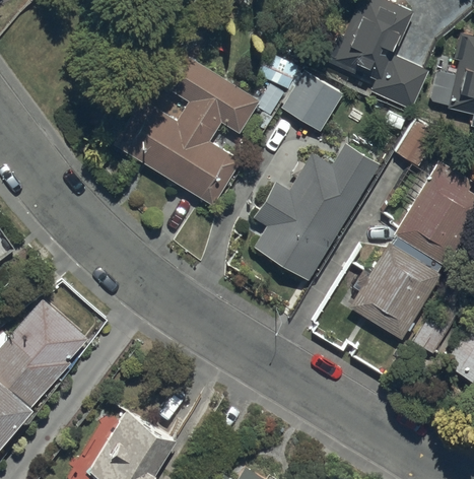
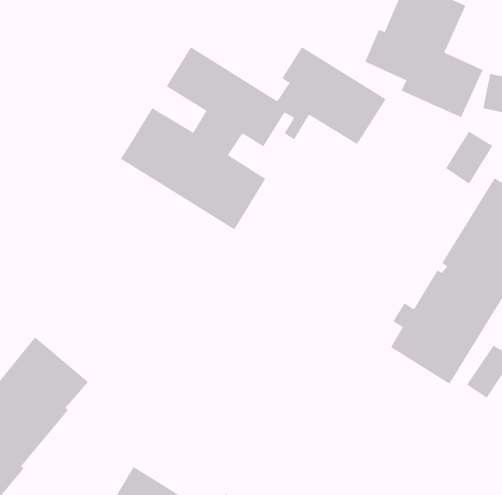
building: [254,144,378,281] -> none

